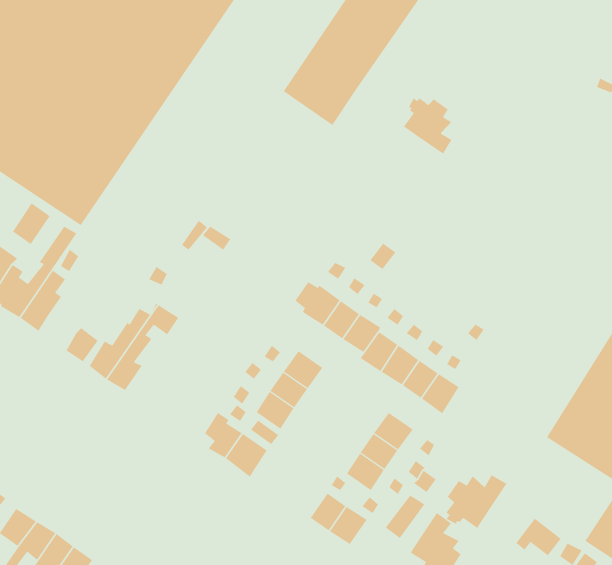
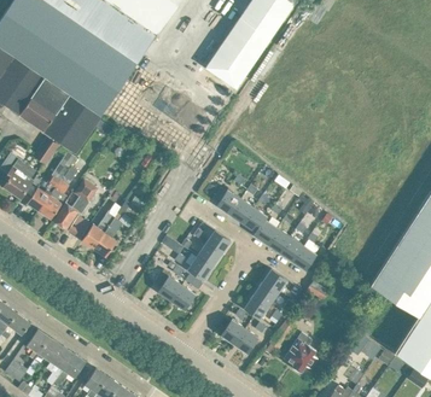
building: [403,97,452,155] -> none
building: none -> [53,179,98,228]
building: [446,474,507,529] -> none

